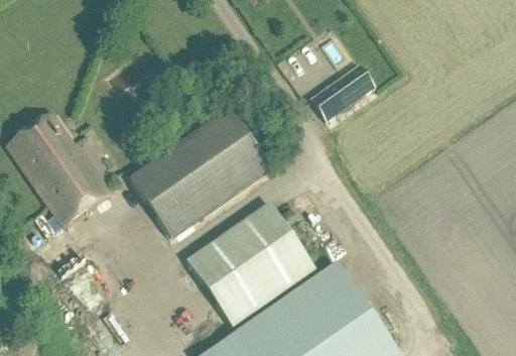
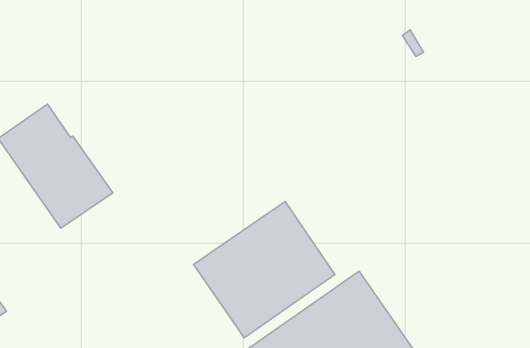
building: [311,64,375,119] -> none
building: [132,109,272,236] -> none

